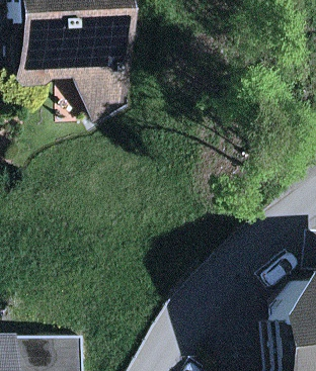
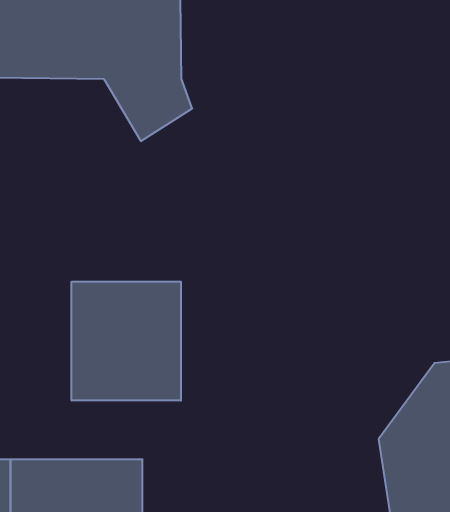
building: none -> [72,282,181,401]

